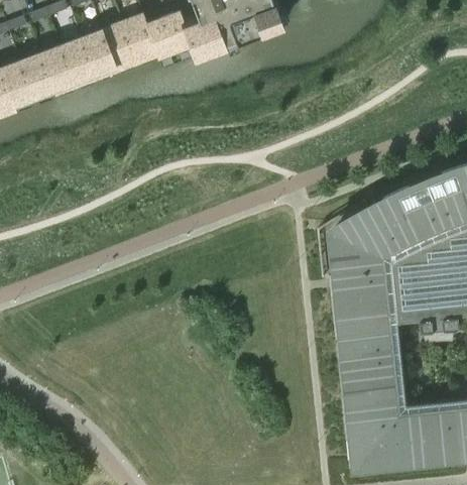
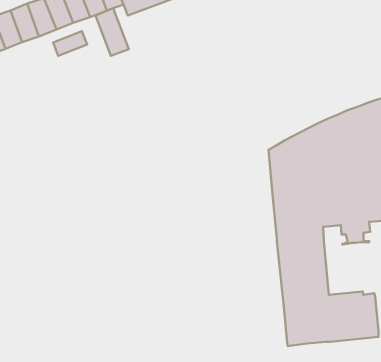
building: none -> [96,8,129,56]
building: none -> [53,31,87,56]

